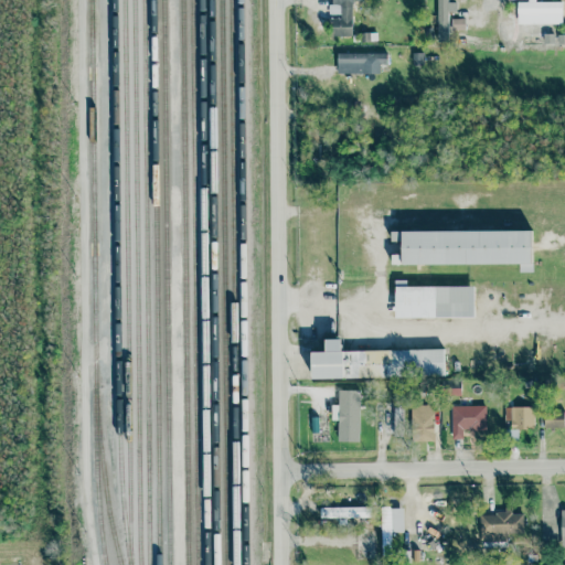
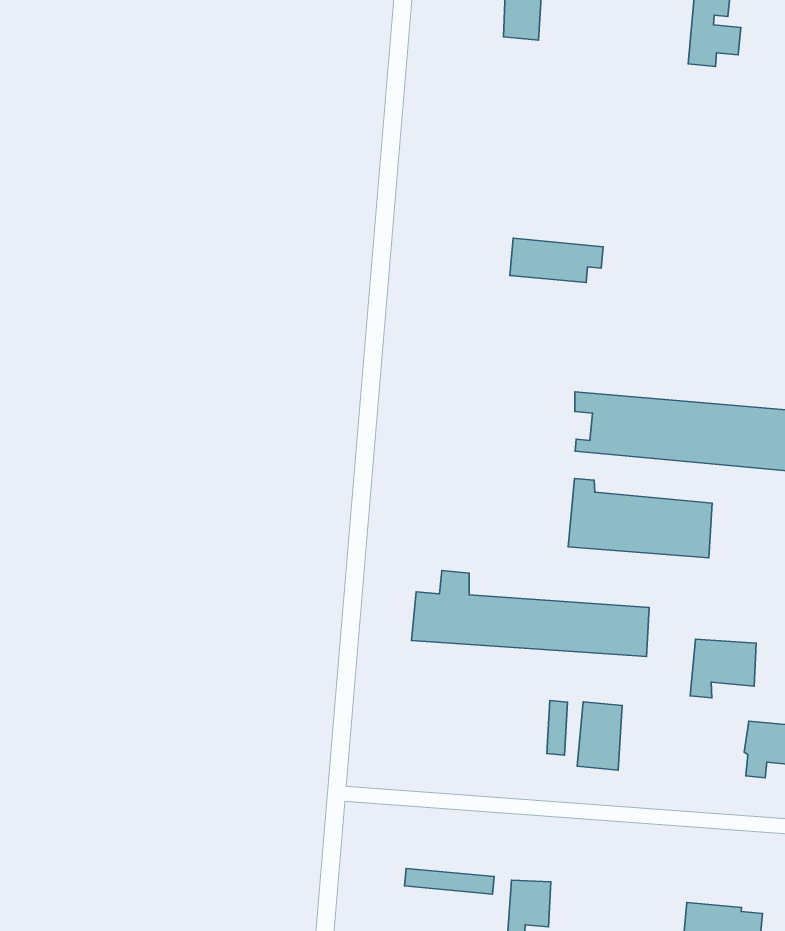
building: [338,52,388,73] -> [510,238,603,283]
building: [332,390,361,441] -> none
building: [452,405,488,438] -> [690,639,756,698]

